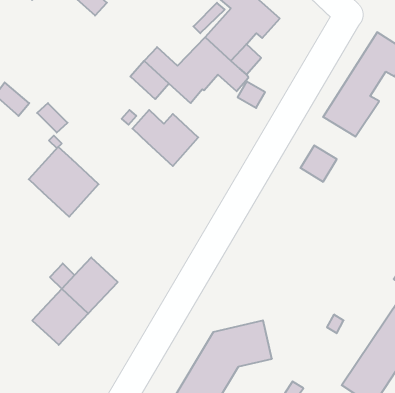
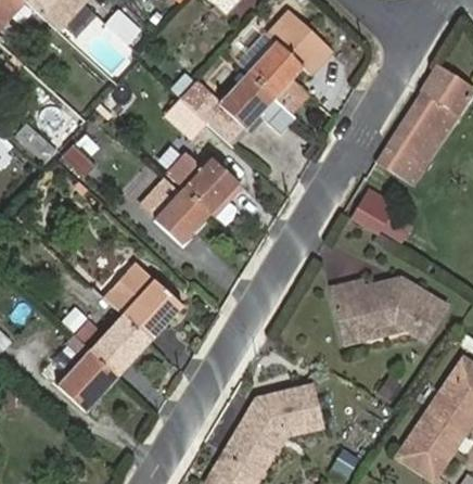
building: none -> [154,188,212,244]
building: [29,147,99,217] -> [106,265,183,342]
building: none -> [330,277,448,343]

